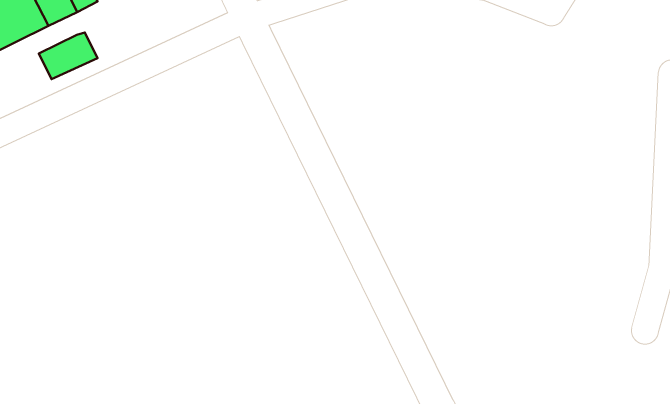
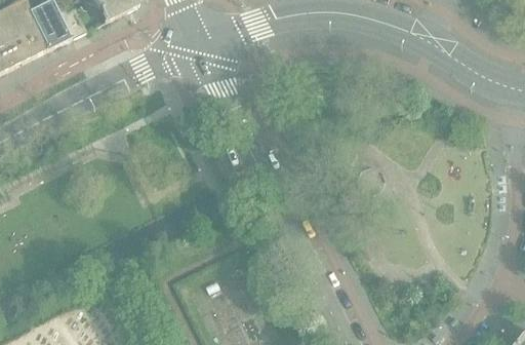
building: [39,32,98,79] -> none

